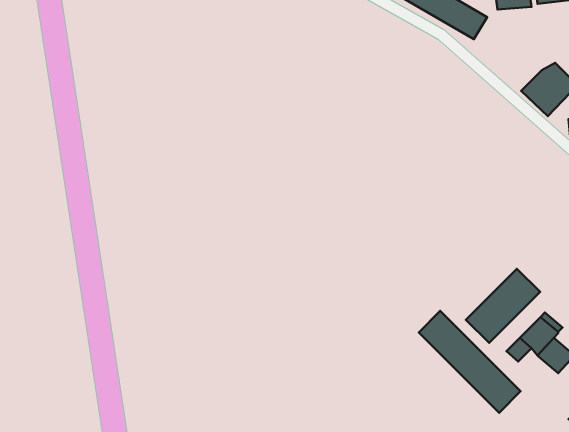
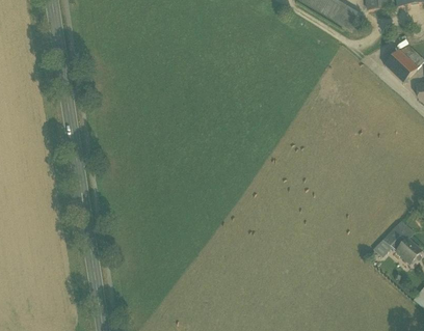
building: [466,269,540,343] -> none
building: [419,311,520,413] -> none

